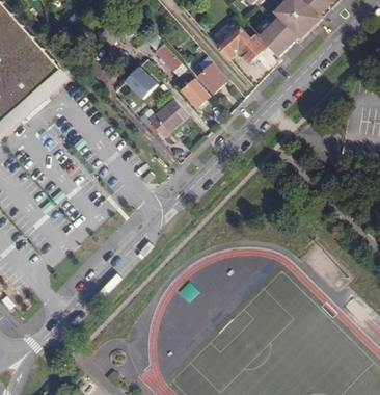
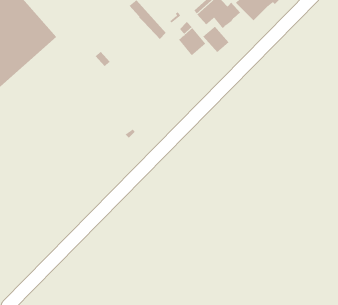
building: [120,63,155,98] -> none
building: [180,77,209,106] -> [203,26,230,53]
building: [140,105,183,141] -> none

